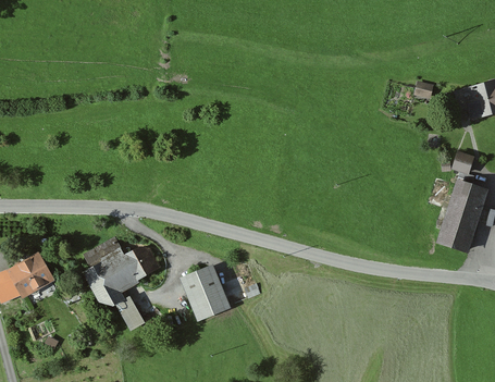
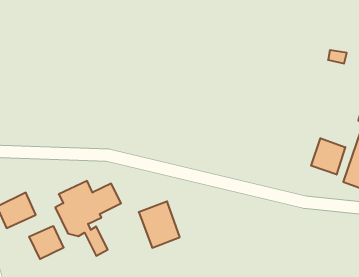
building: none -> [311,138,345,175]
building: none -> [29,226,64,259]

